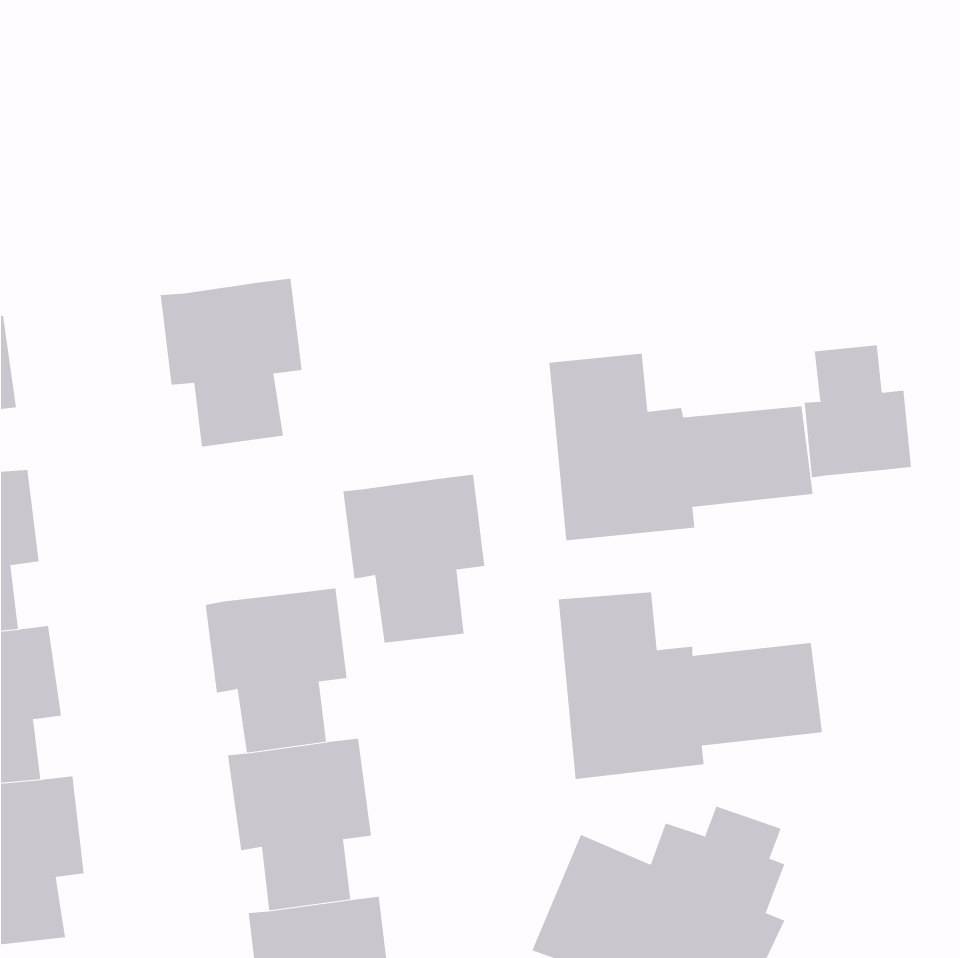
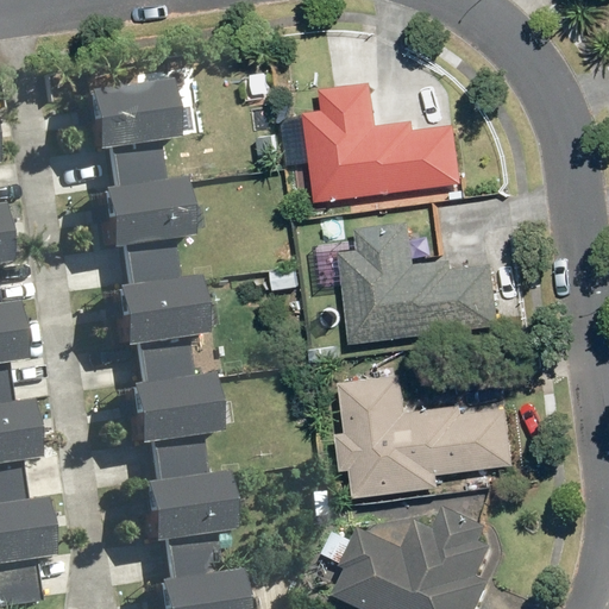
building: none -> [86,76,177,187]
building: none -> [319,83,486,202]
building: [804,345,911,478] -> none
building: [342,474,485,643] -> [115,275,206,382]

